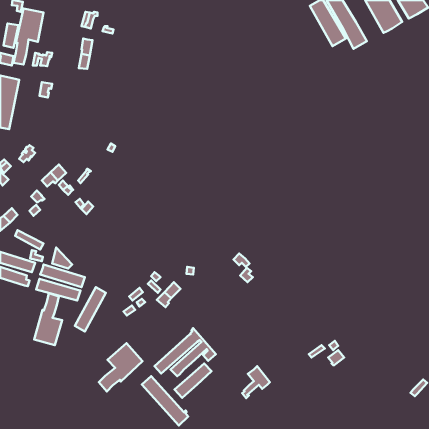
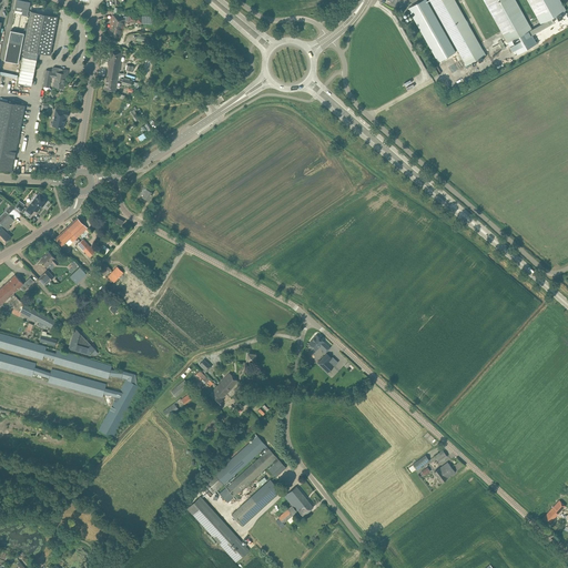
building: [34,293,62,345] -> none
building: [99,343,143,391] -> none
building: [242,366,270,398] -> [276,486,313,528]

